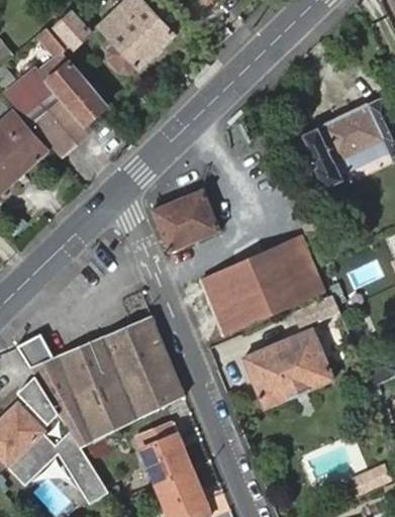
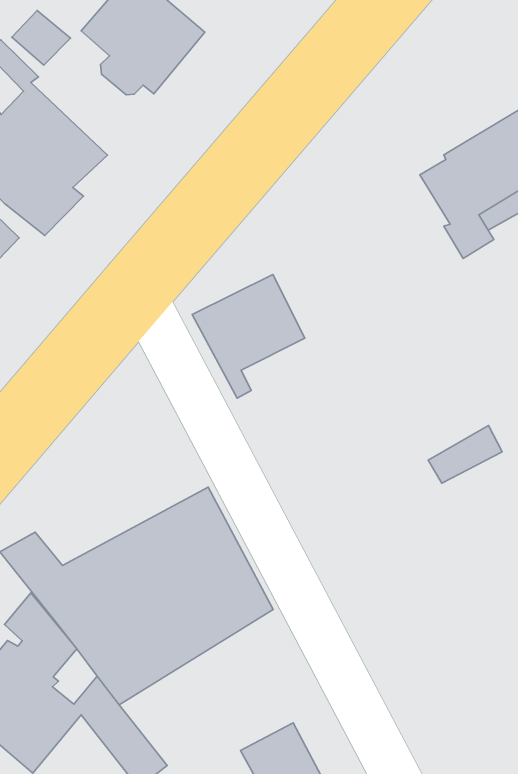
building: [198,236,318,334] -> none
building: [242,327,331,409] -> none
building: [138,423,191,483] -> none

